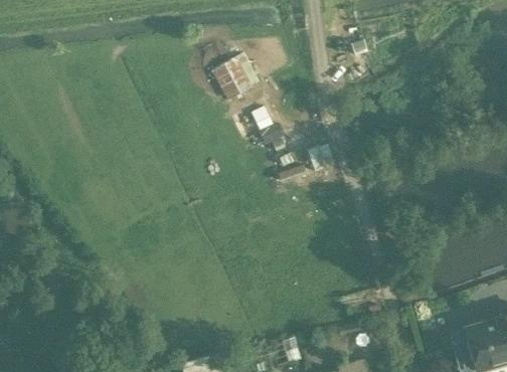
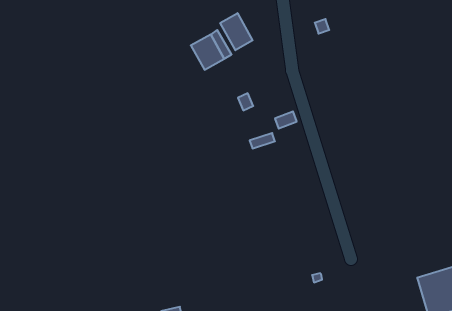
building: none -> [220,13,253,50]

